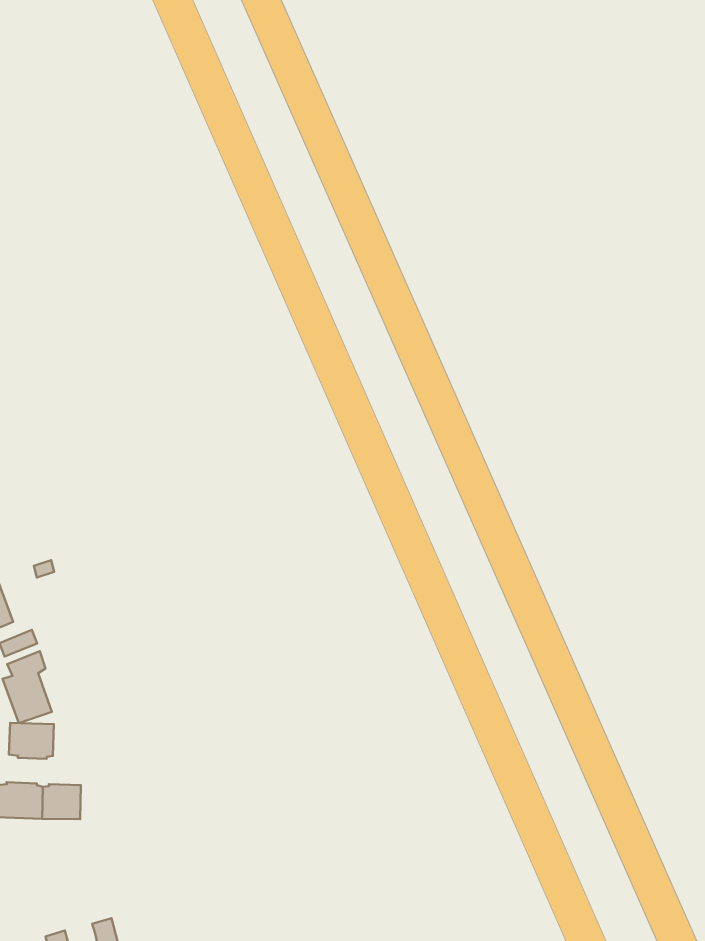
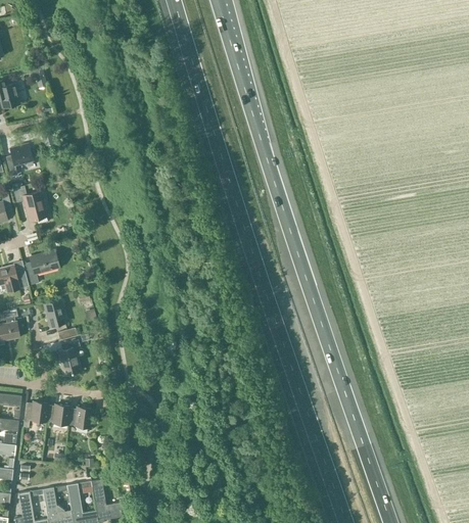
building: [9,723,54,759] -> none

